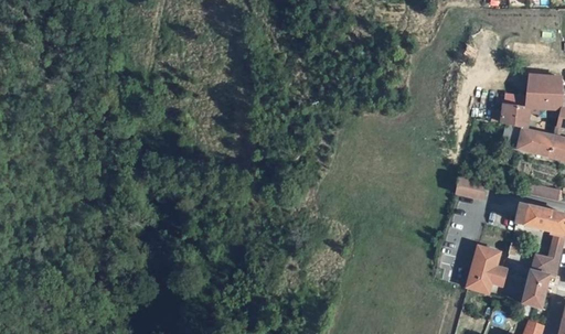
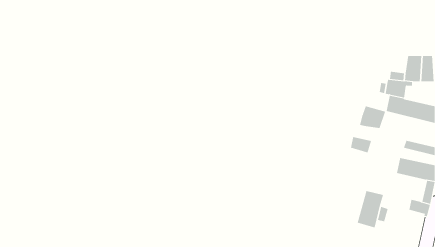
building: none -> [360,106,386,129]
building: [521,270,550,309] -> none

